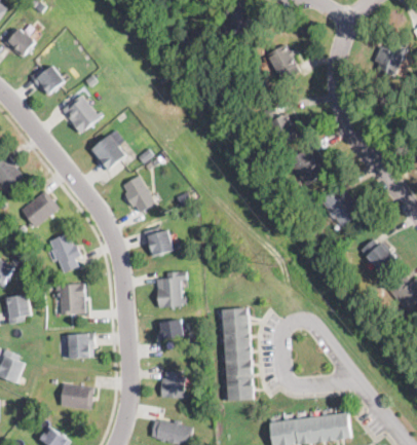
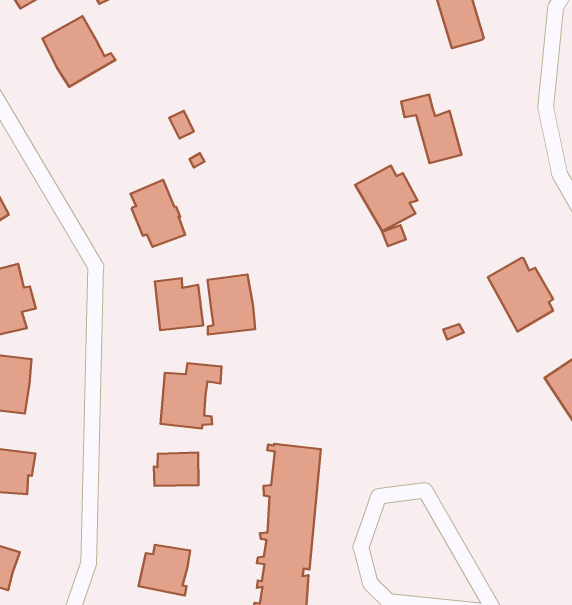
building: [89,136,125,172] -> none
building: [288,149,323,185] -> [355,166,418,231]
building: none -> [208,275,255,334]

